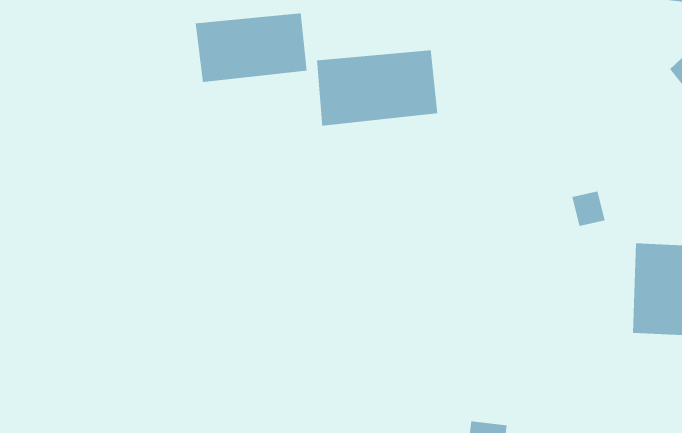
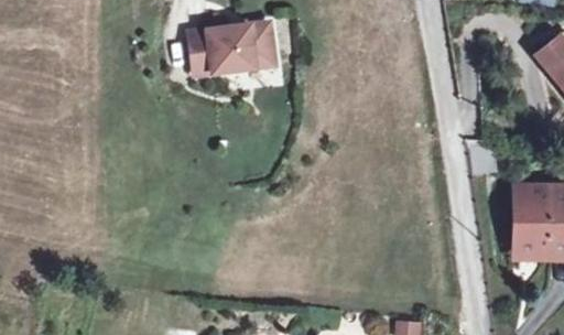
building: [316,49,438,126] -> none

